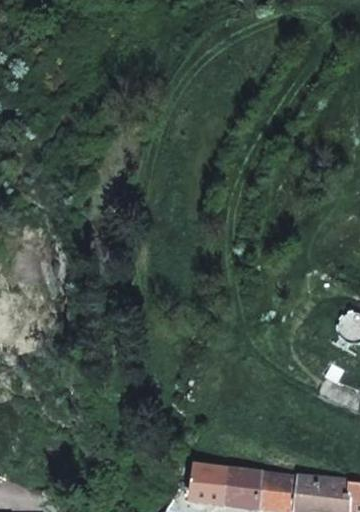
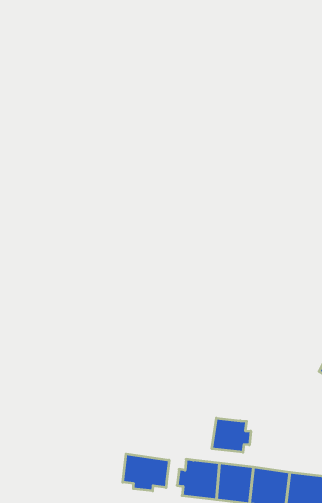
building: none -> [212,418,251,452]
building: none -> [123,454,169,491]

